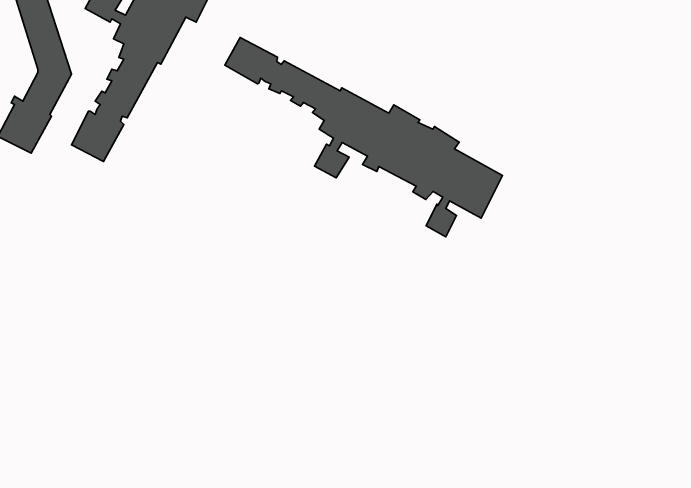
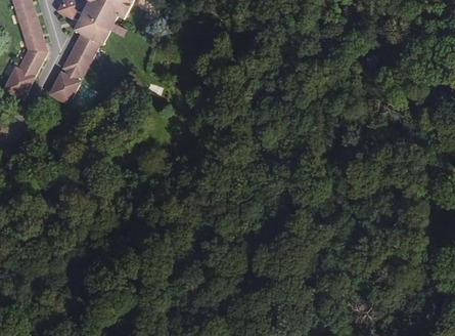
building: [225,37,503,237] -> none

